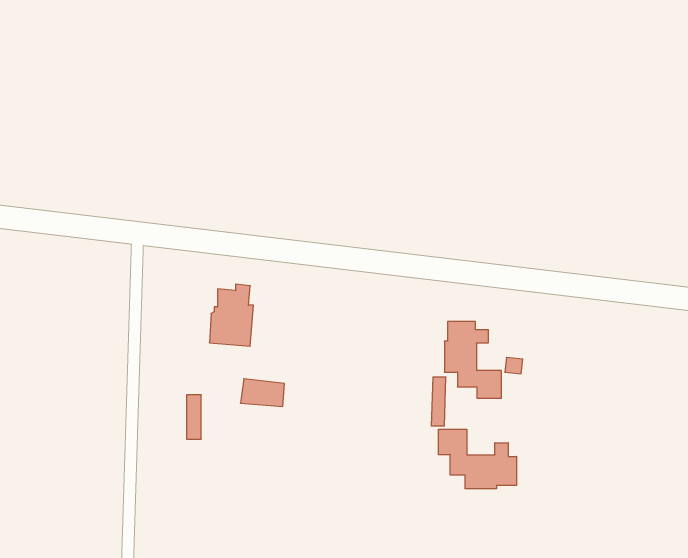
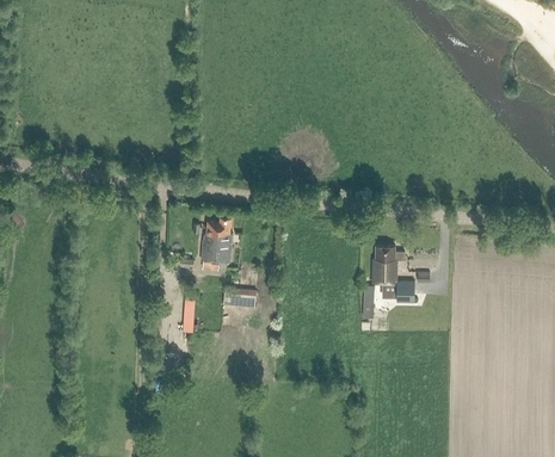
building: [439,429,517,489] -> none

